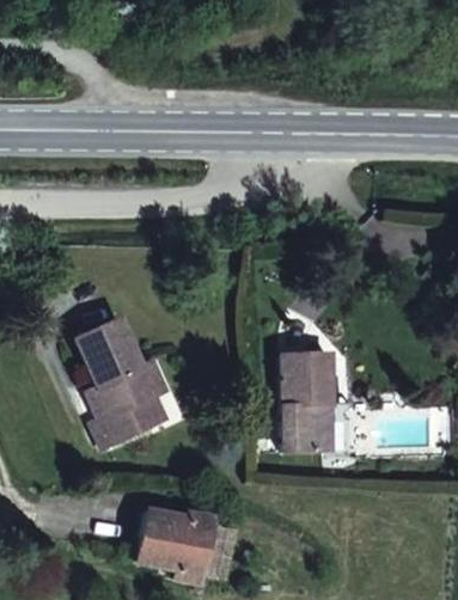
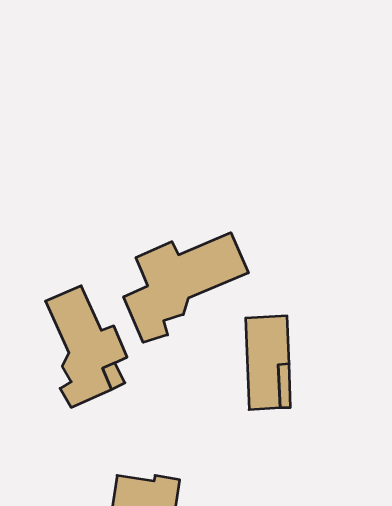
building: none -> [124,233,248,342]

